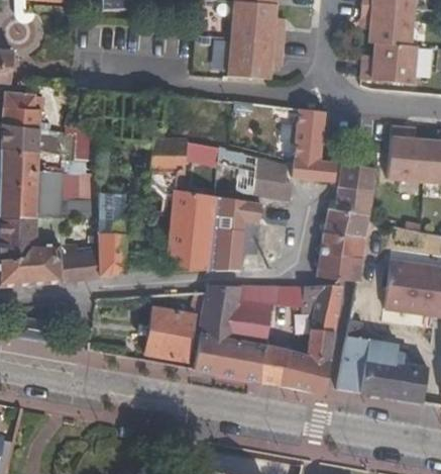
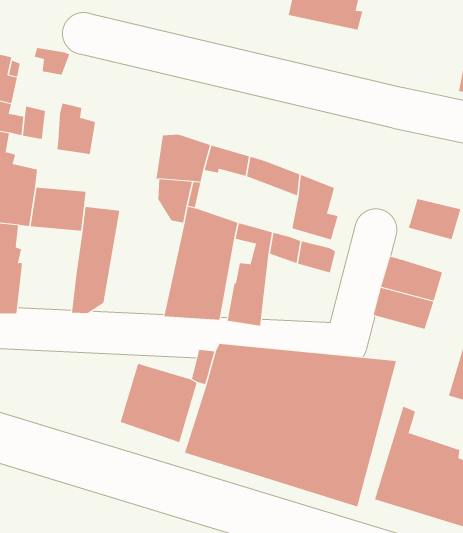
building: [230,40,286,82] -> none
building: [292,109,334,181] -> none
building: [335,186,371,215] -> none
building: [61,244,100,281] -> none
building: [316,253,359,279] -> none

